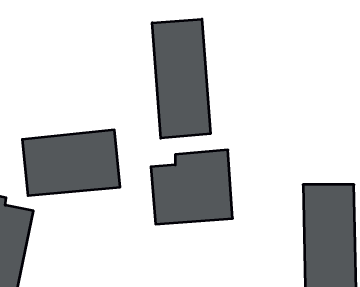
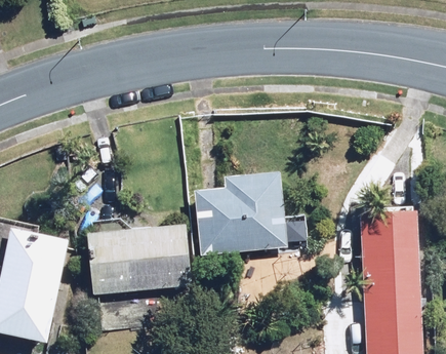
building: [152,19,210,138] -> none
building: [22,130,120,196] -> [86,223,193,294]

